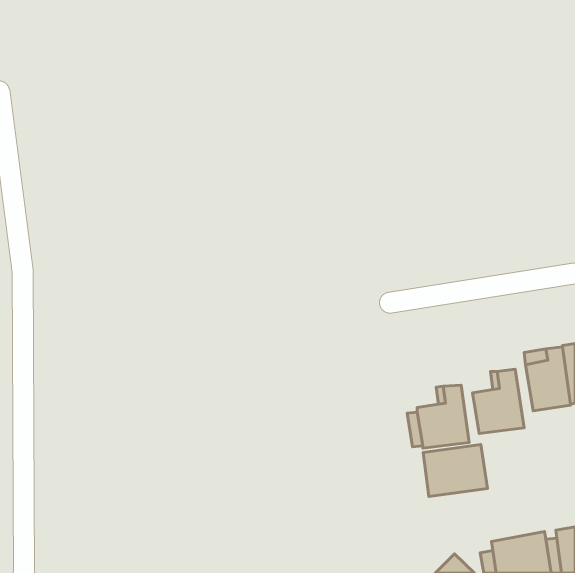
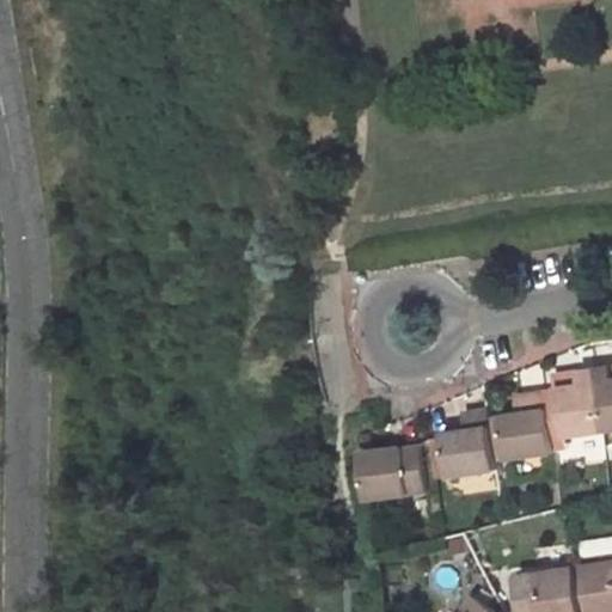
building: [423,445,488,496] -> [359,446,427,501]

